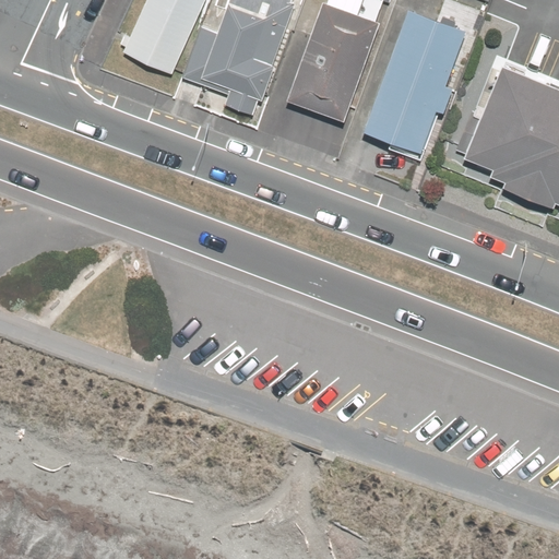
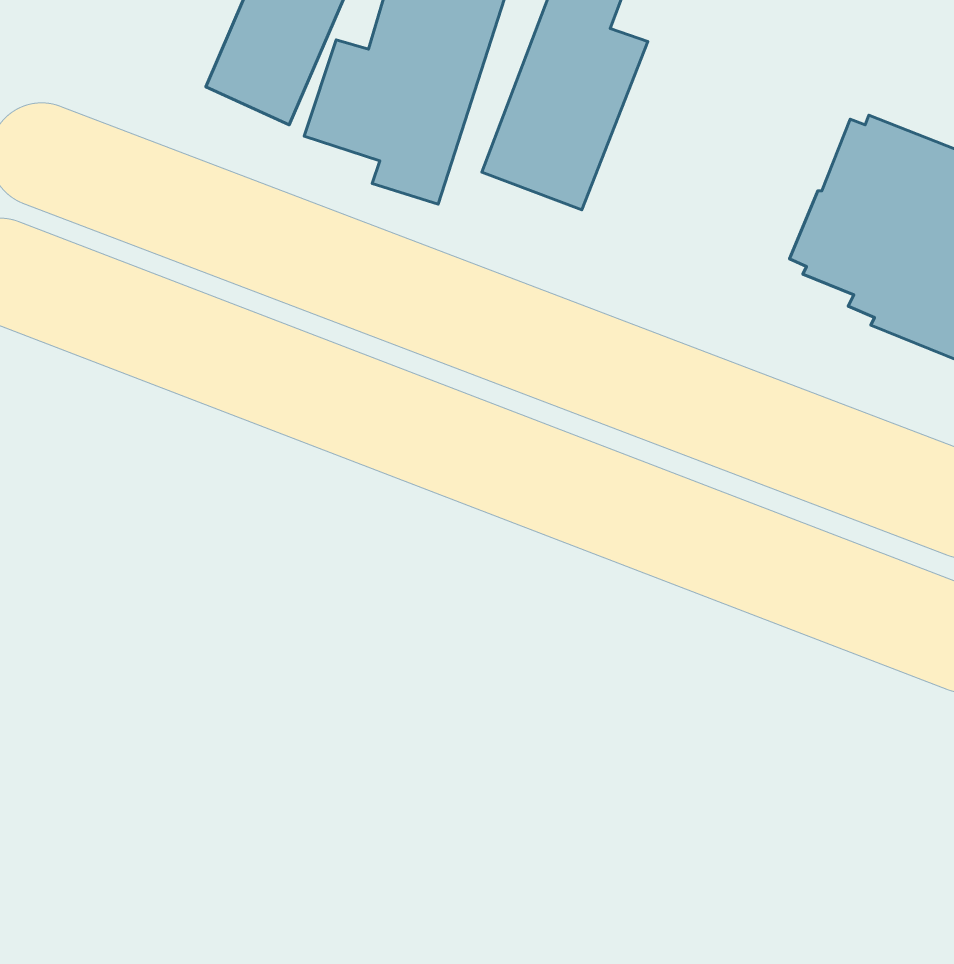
building: [359,11,469,158] -> none

